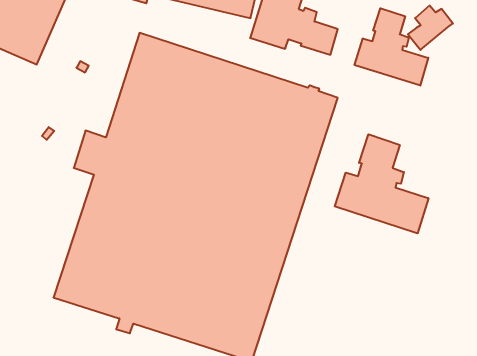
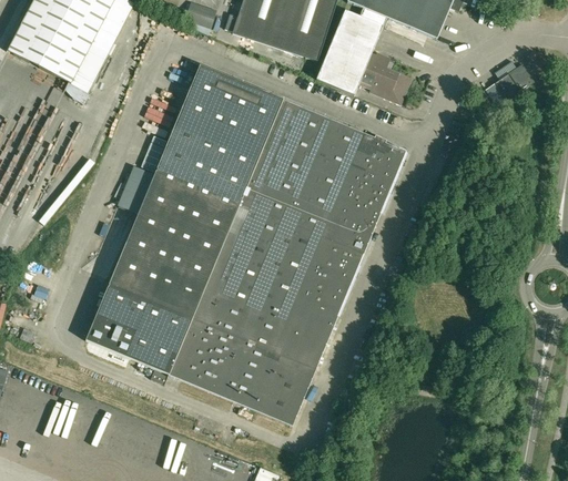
building: [355,8,428,86] -> none
building: [335,134,428,233] -> none

